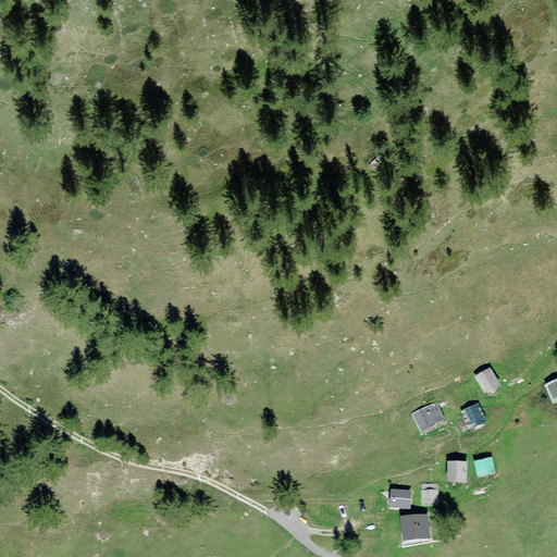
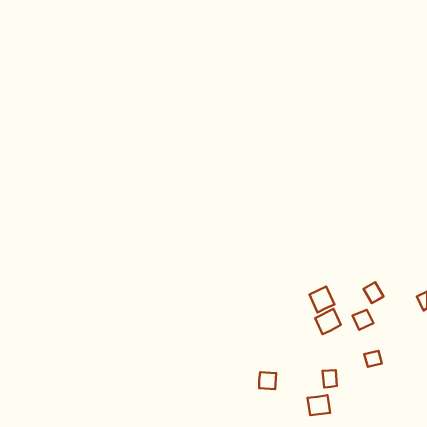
building: none -> [309,286,335,313]
building: [446,461,467,483] -> none
building: [389,488,411,510] -> [259,372,276,389]

